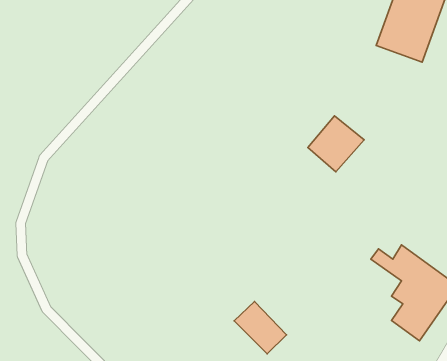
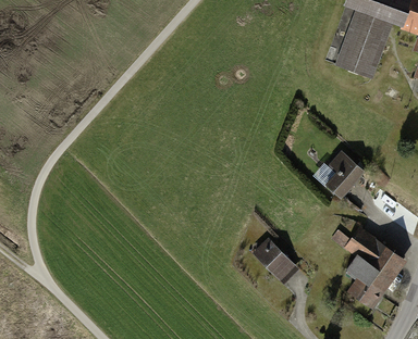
building: [308,116,364,172] -> [320,149,368,197]
building: [234,302,287,354] -> [249,235,294,279]

